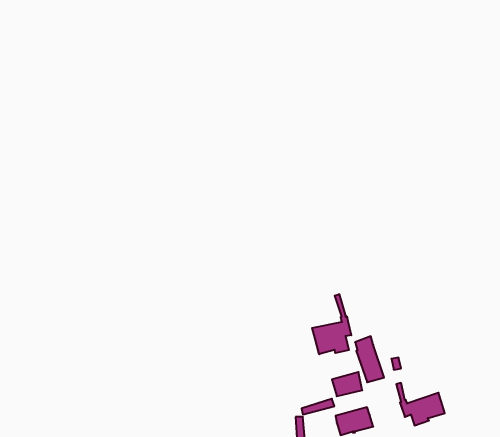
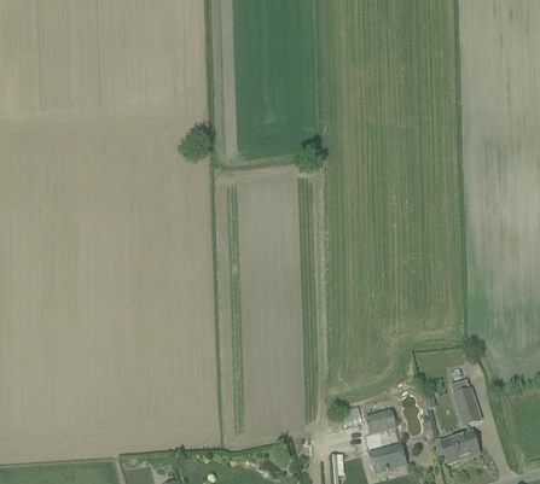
building: [312,294,351,354] -> none
building: [355,336,384,382] -> [451,377,480,422]

